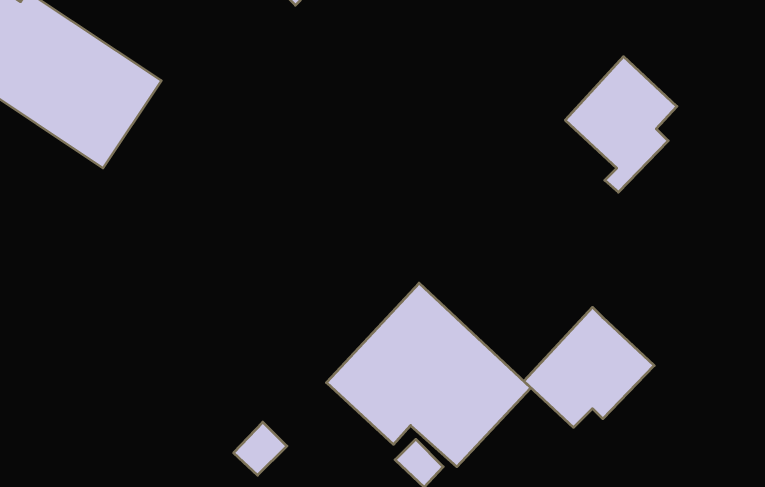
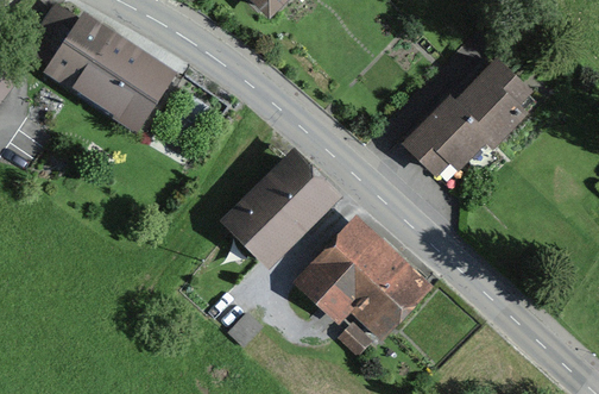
building: none -> [219,146,341,269]
building: [524,307,654,427] -> [401,93,491,176]

